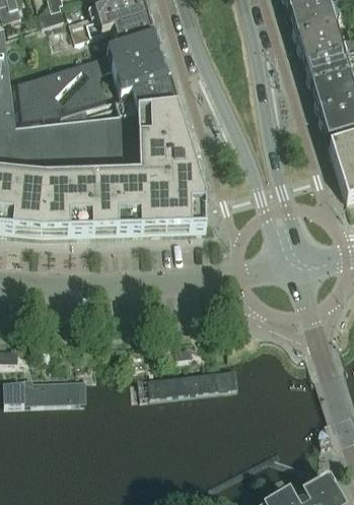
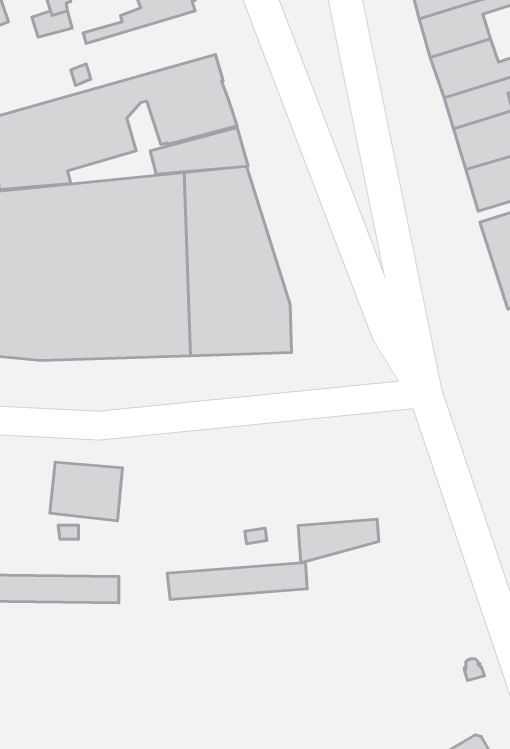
building: [74,11,155,46] -> none
building: none -> [50,462,122,521]
building: none -> [298,519,379,563]

